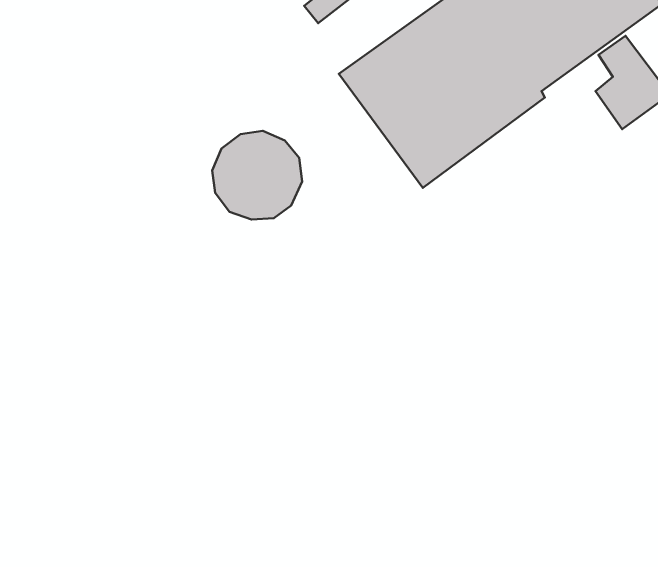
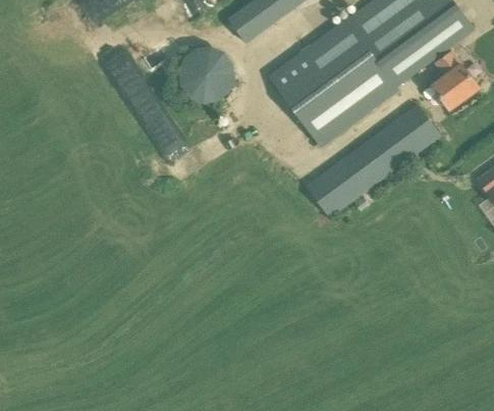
building: none -> [304,103,440,218]
building: [212,131,302,220] -> [177,46,235,103]

